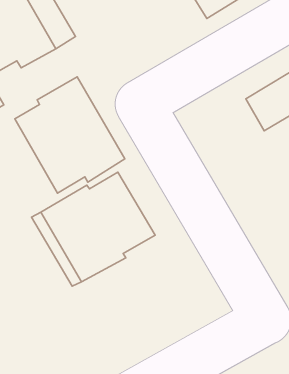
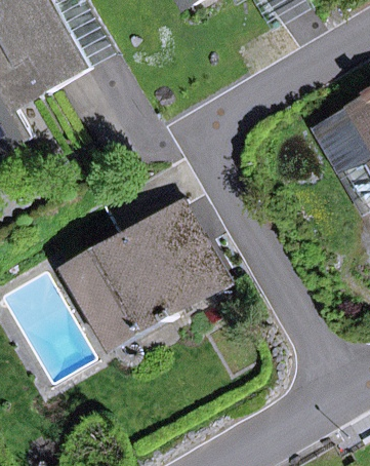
building: [15,77,125,193] -> none

